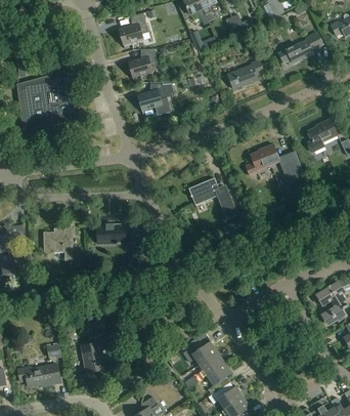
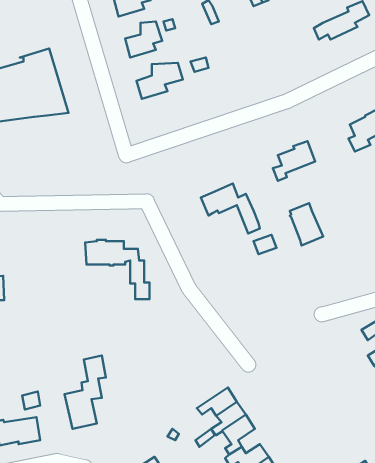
building: [227,59,263,88] -> none
building: [278,151,305,184] -> [290,203,323,245]
building: [43,225,72,259] -> none

